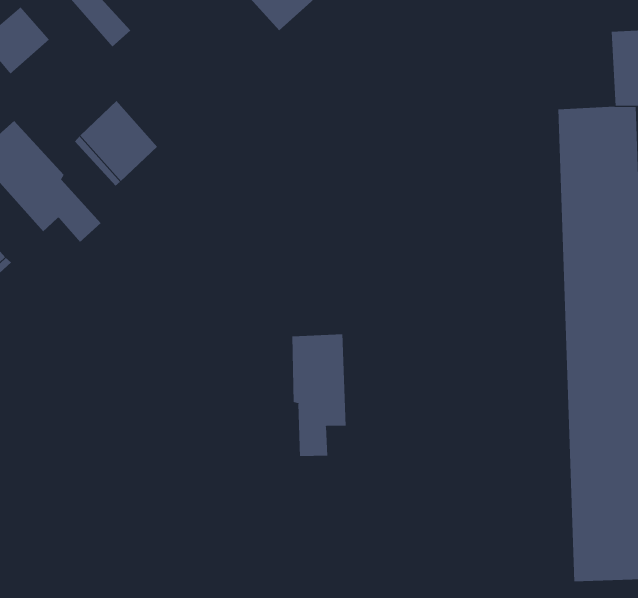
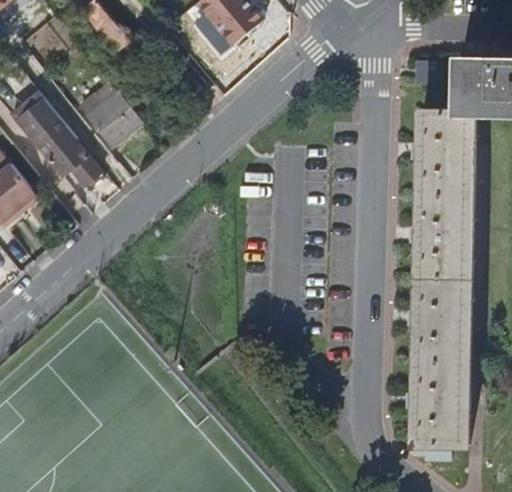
building: [292,334,346,457] -> none

